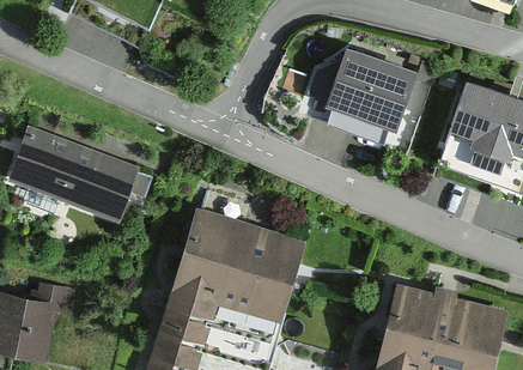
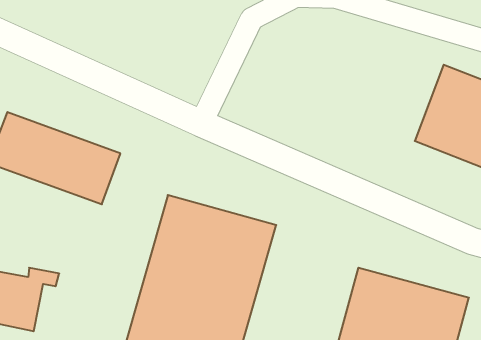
building: [303,47,420,146] -> none

